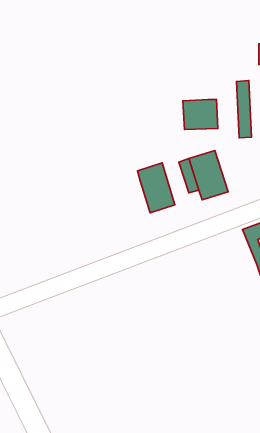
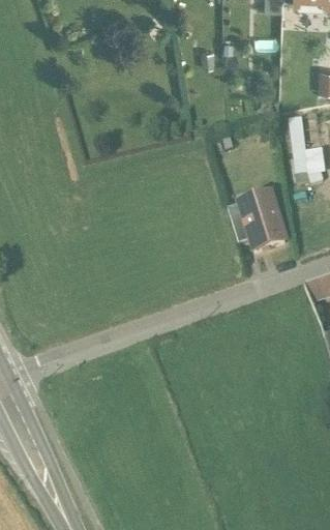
building: [183,99,218,129] -> none
building: [137,163,175,213] -> none

